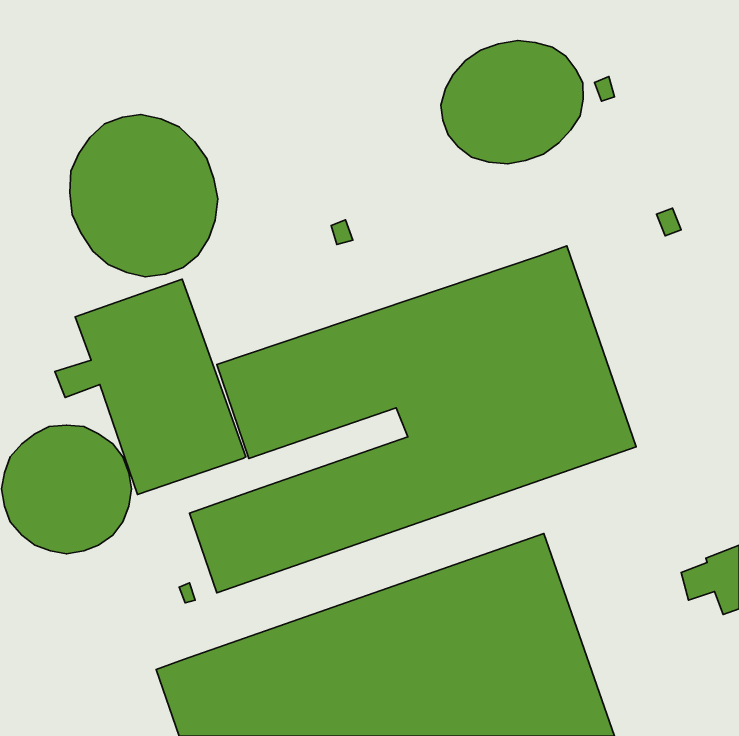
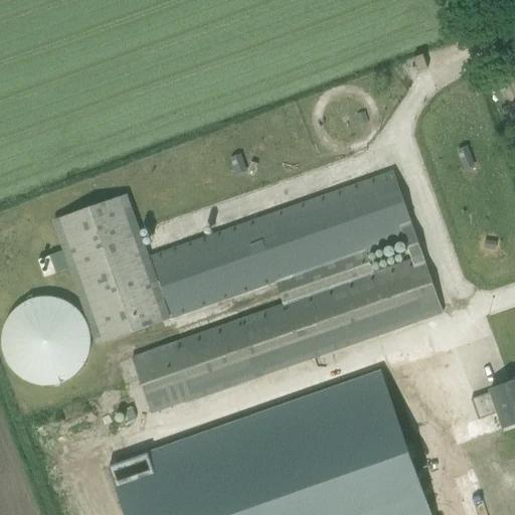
building: [441,40,583,164] -> none
building: [70,114,218,277] -> none

